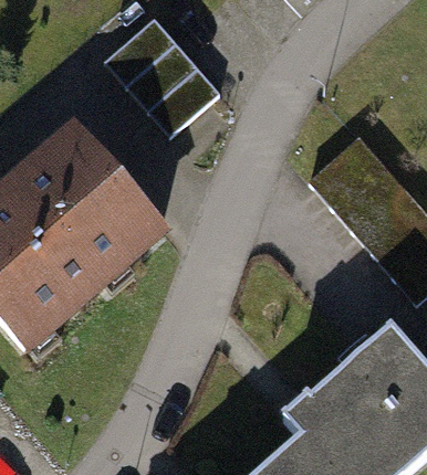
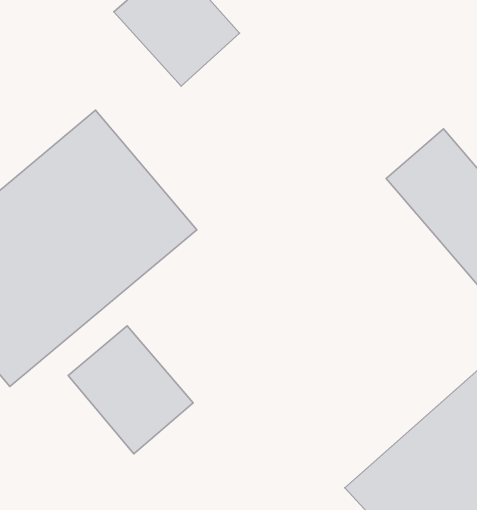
building: none -> [68,326,193,454]

